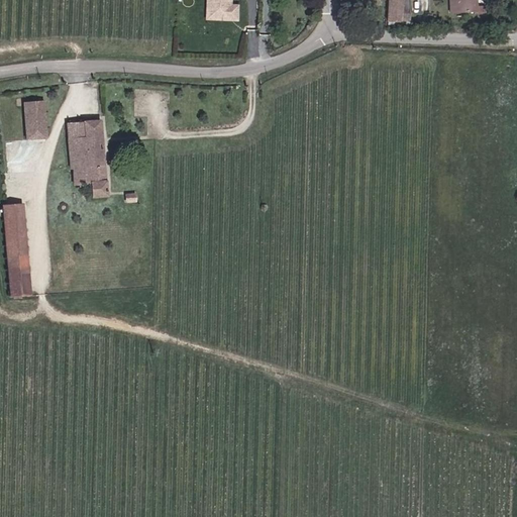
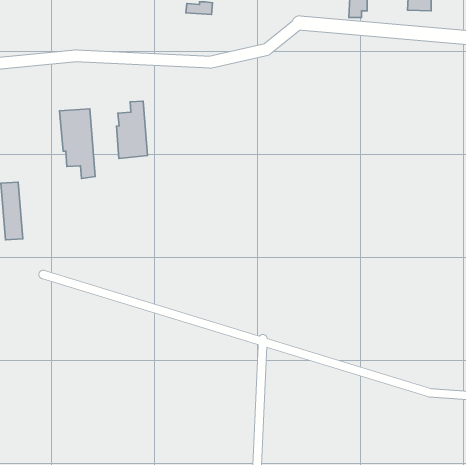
building: [24,101,48,138] -> none
building: none -> [117,101,148,158]
building: [8,264,30,297] -> none

